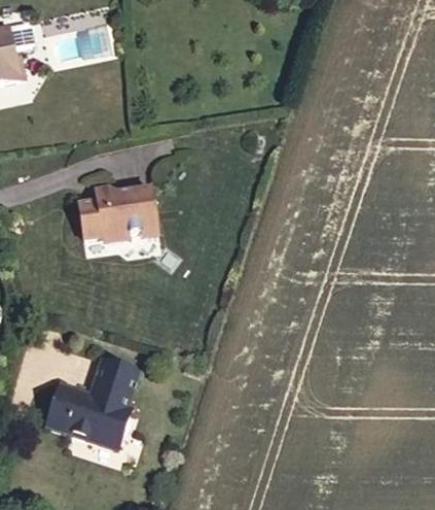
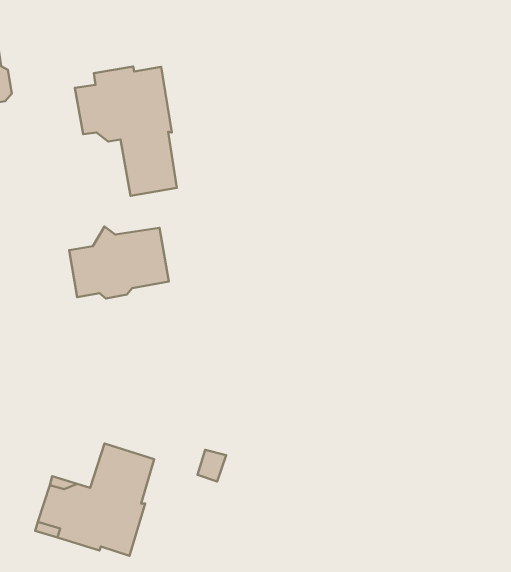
building: none -> [75,67,177,196]

